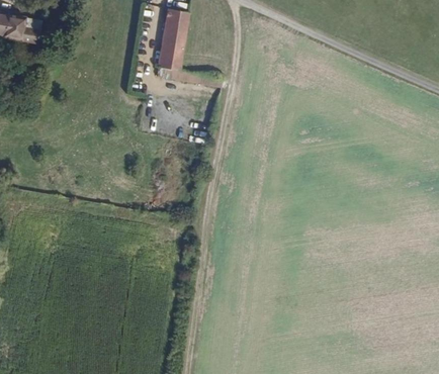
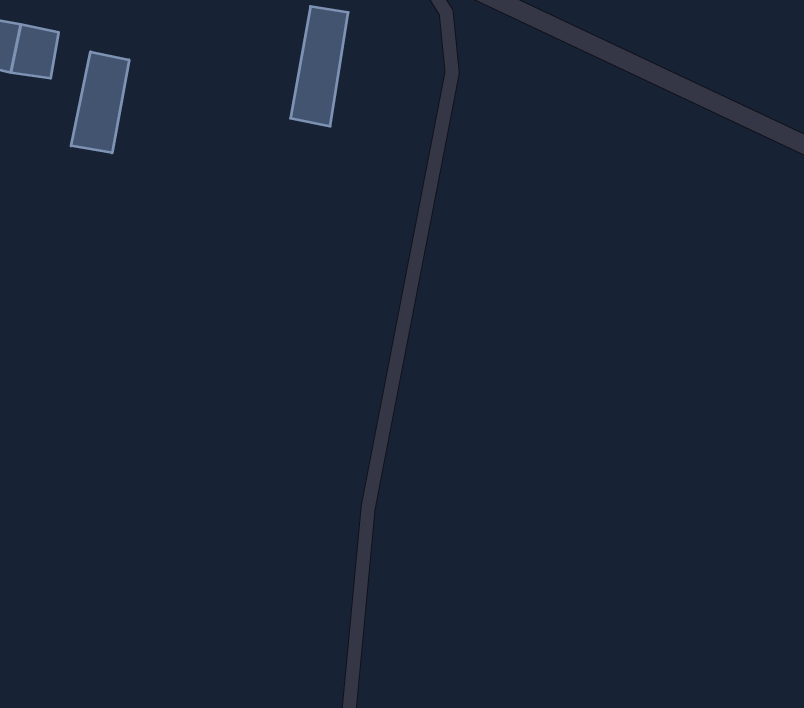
building: none -> [71,52,129,153]

